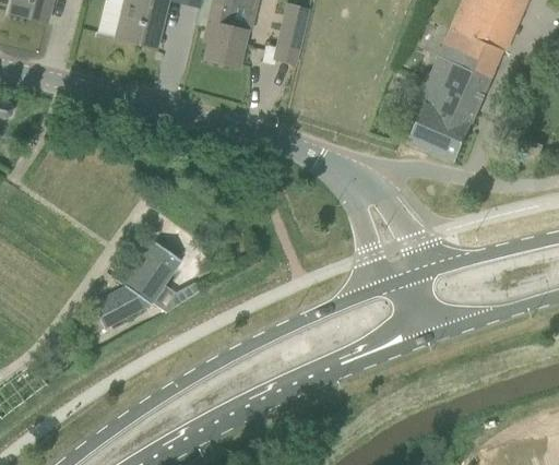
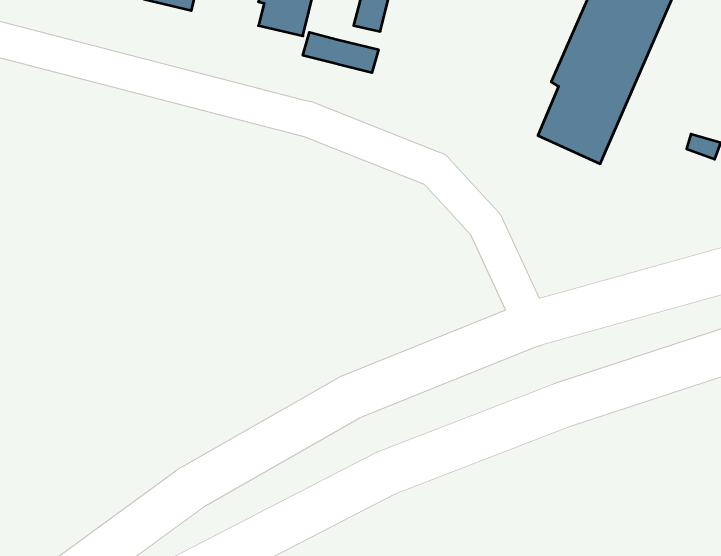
building: none -> [303,32,378,73]
building: [87,240,182,334] -> none

